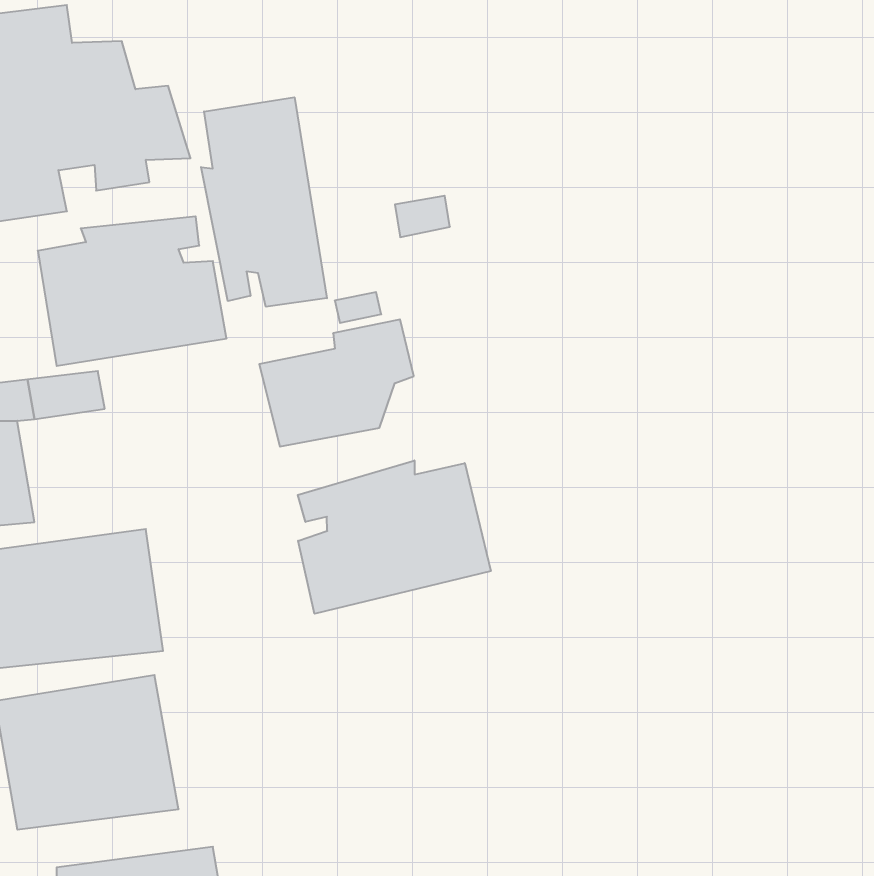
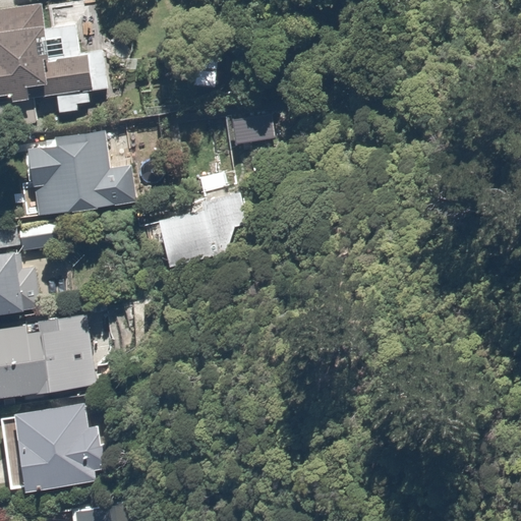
building: [201,97,327,307] -> none
building: [298,460,491,614] -> none

